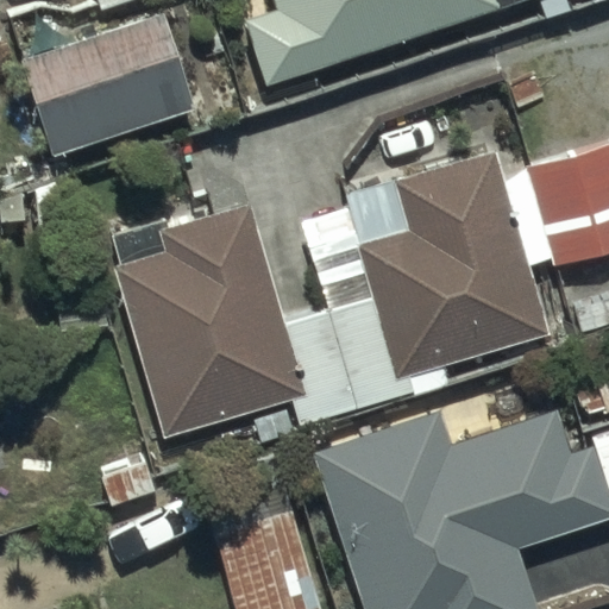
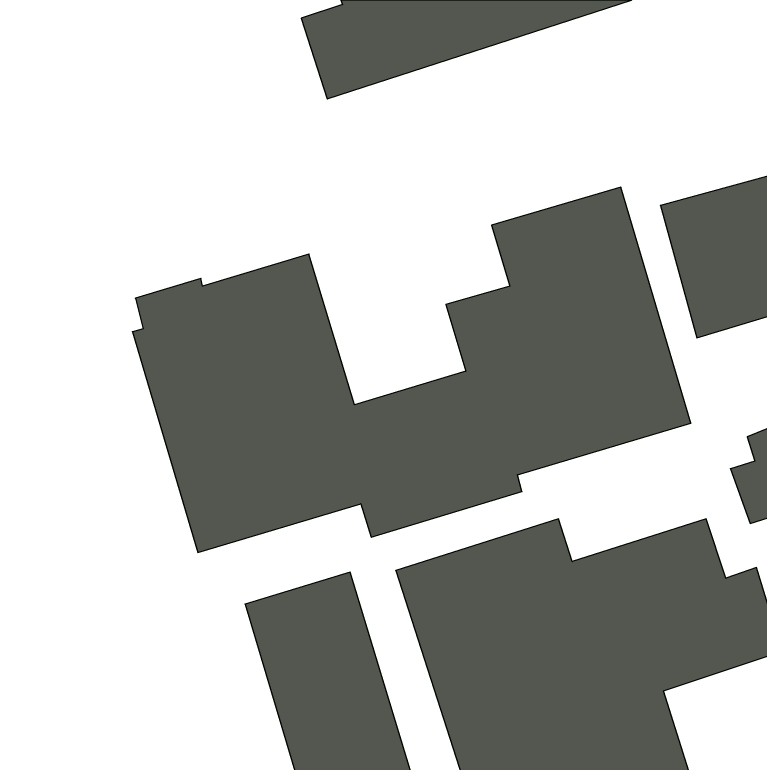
building: [18,12,192,155] -> none

